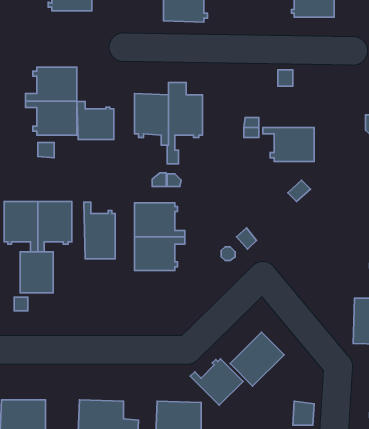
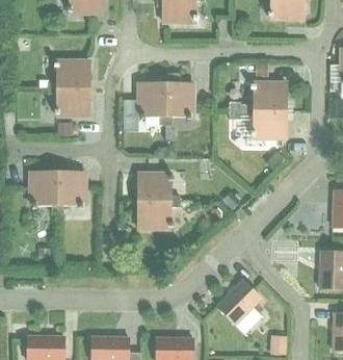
building: none -> [244,81,287,109]
building: [77,101,114,139] -> none
building: [84,202,115,259] -> none
building: [20,252,53,293] -> none
building: [190,359,243,405] -> none

